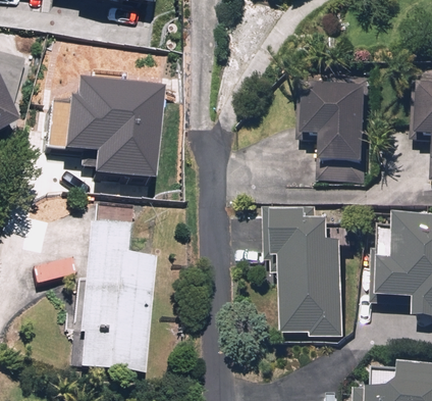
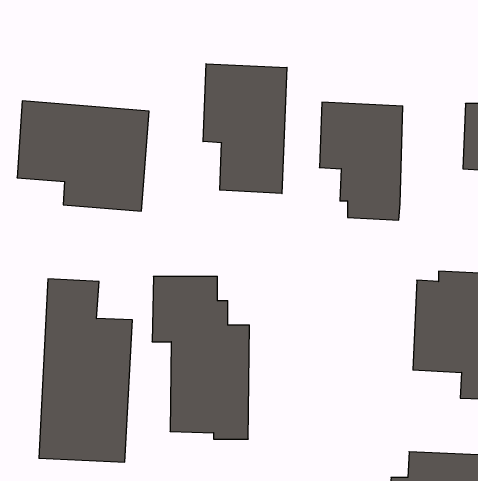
building: none -> [203,64,287,194]
building: [265,202,342,332] -> [152,276,249,439]

